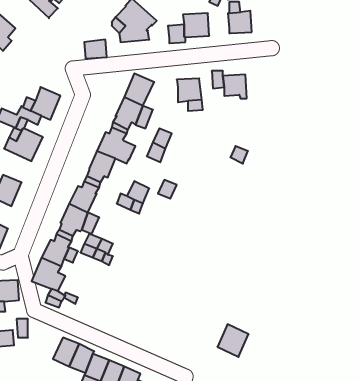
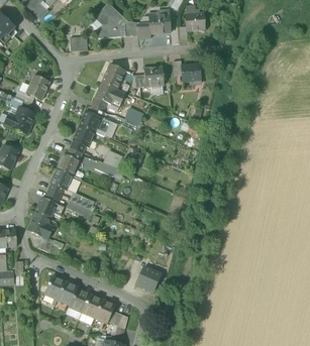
building: [217,324,249,357] -> [135,265,161,292]

